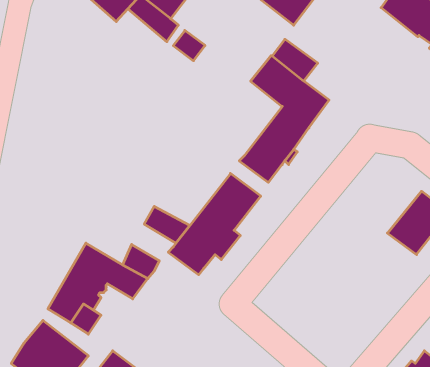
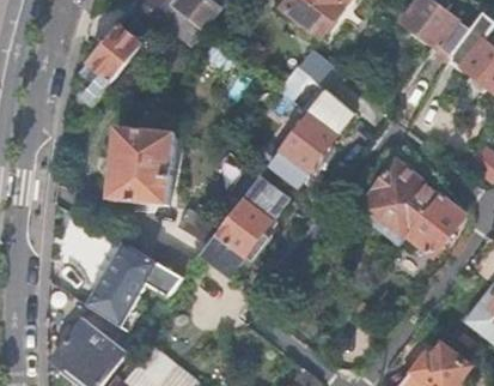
building: none -> [83,23,142,103]
building: none -> [98,123,165,200]
building: none -> [366,163,440,242]

